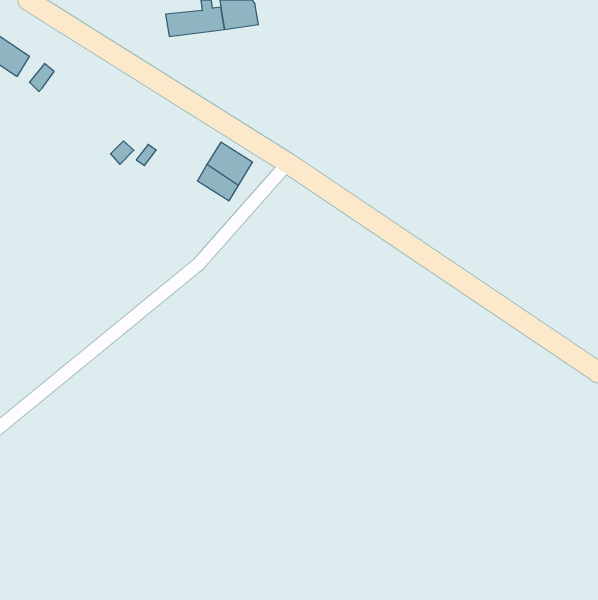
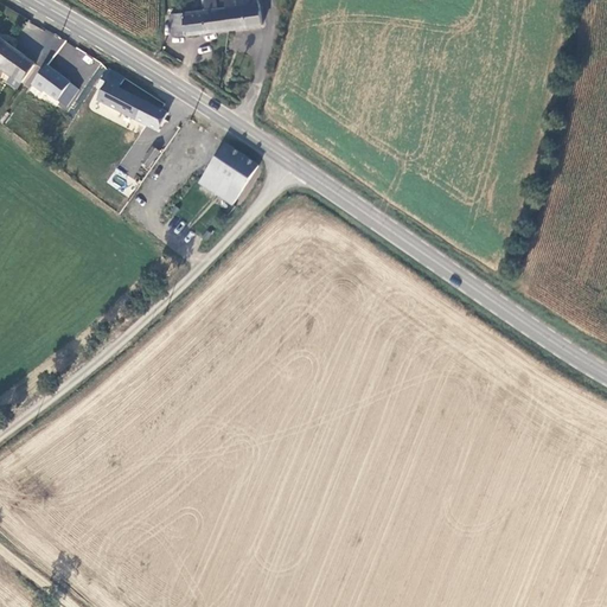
building: none -> [92,69,162,127]
building: none -> [43,72,76,104]

